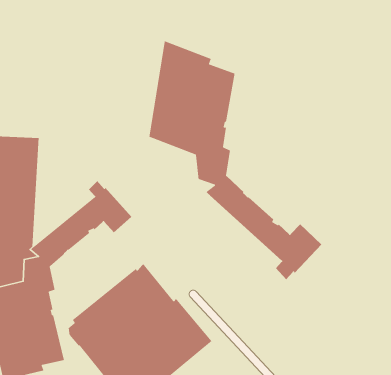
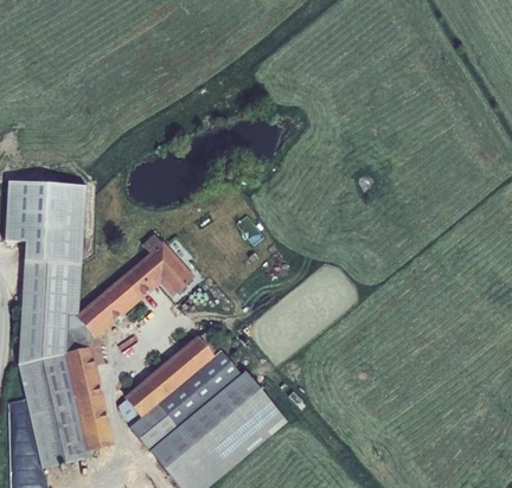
building: [149,40,322,280] -> none

